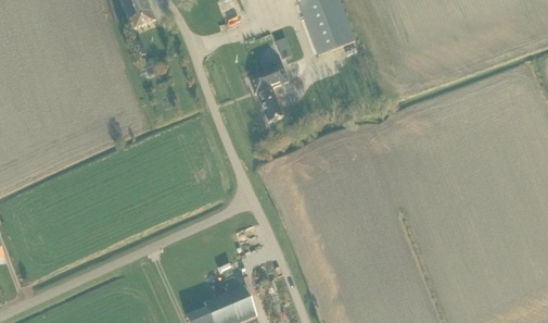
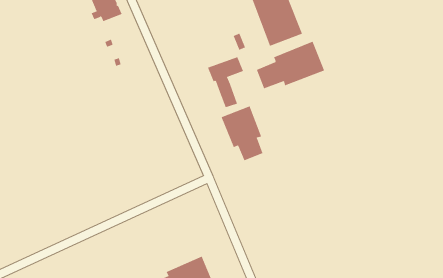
building: none -> [256,41,325,89]
building: none -> [221,105,263,161]

